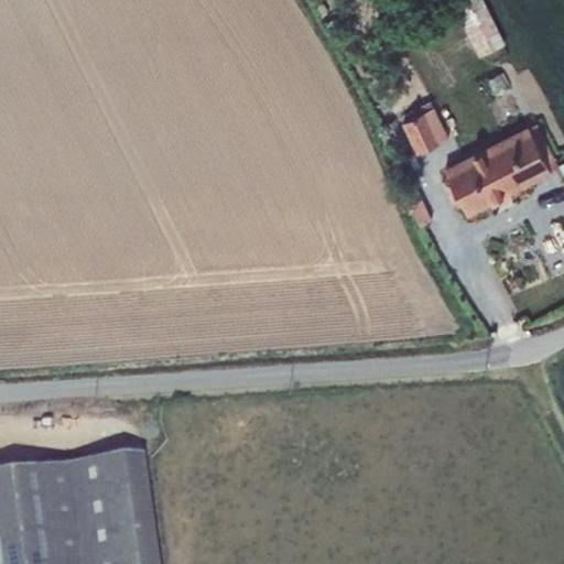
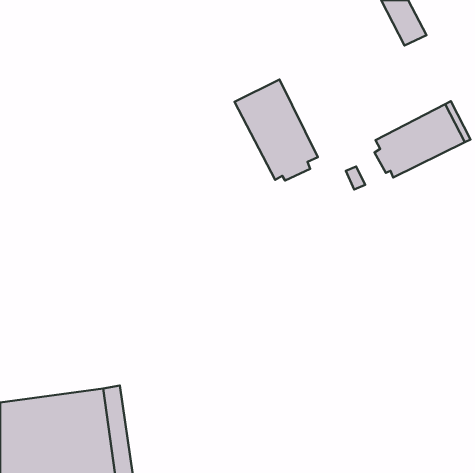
building: none -> [235,80,318,180]
building: [402,101,448,161] -> none

